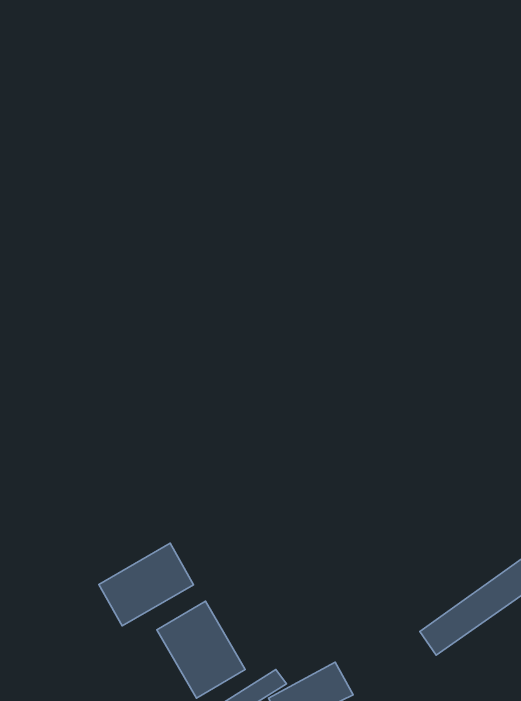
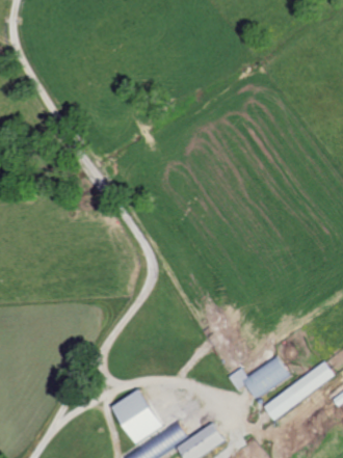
building: [99,543,193,626] -> none
building: none -> [227,357,288,398]

